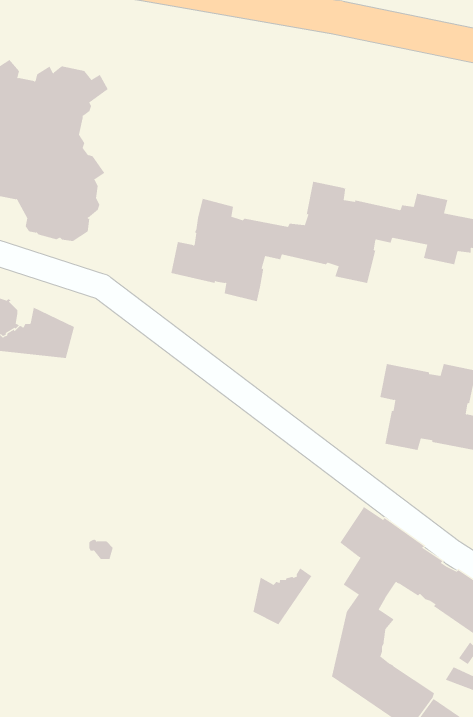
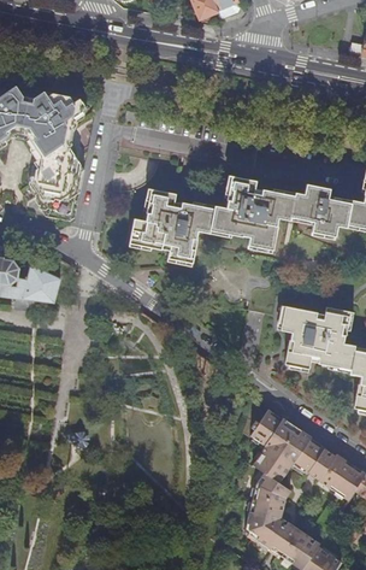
building: [253,567,312,625] -> none

